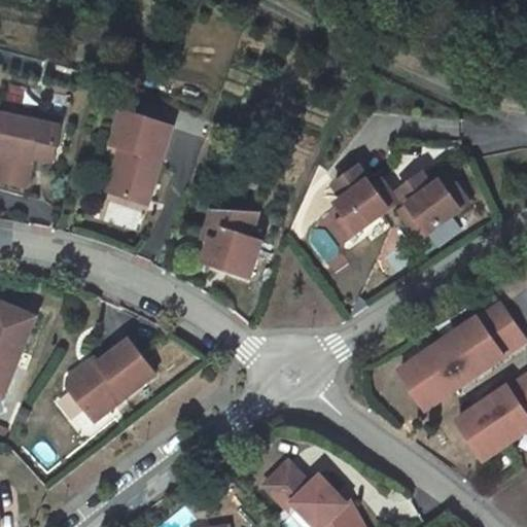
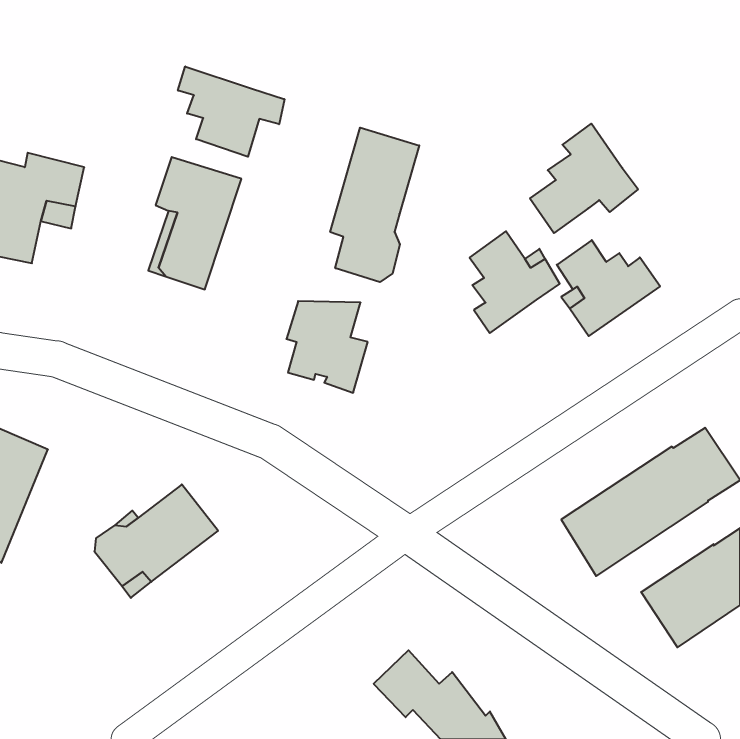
building: none -> [178,66,284,157]
building: none -> [530,124,638,233]
building: none -> [330,128,419,282]

